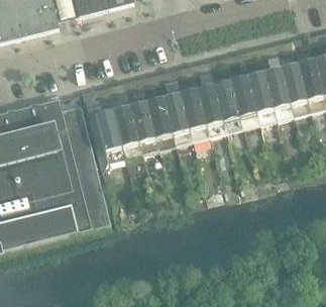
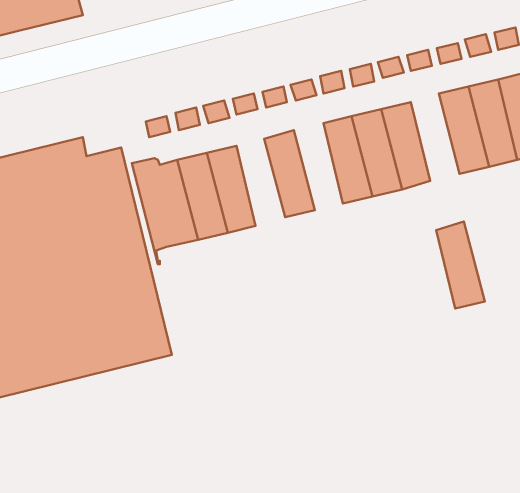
building: [248,72,277,122] -> [436,221,485,309]
building: [181,89,209,139] -> none
building: [147,98,176,148] -> none

